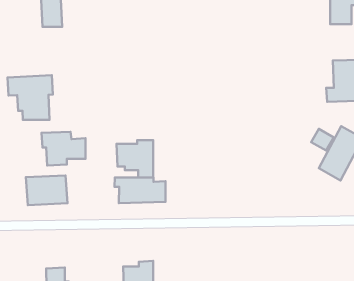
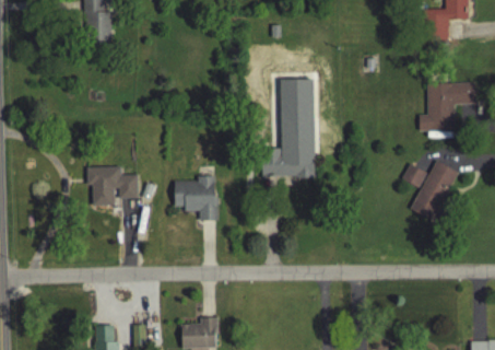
building: none -> [261,79,316,178]
building: [8,75,53,120] -> none
building: [26,175,67,205] -> none
building: [114,178,166,203] -> none

